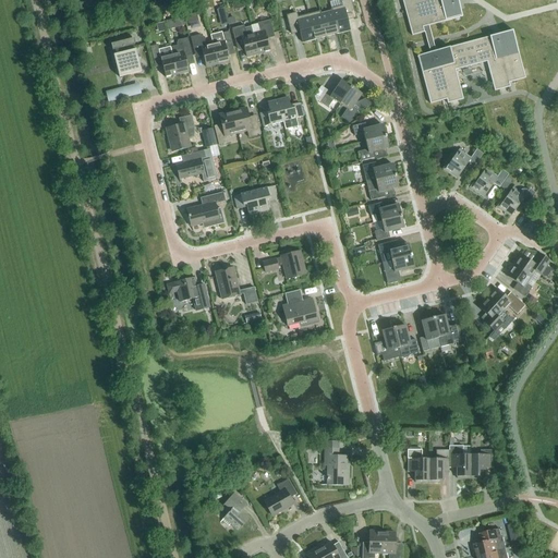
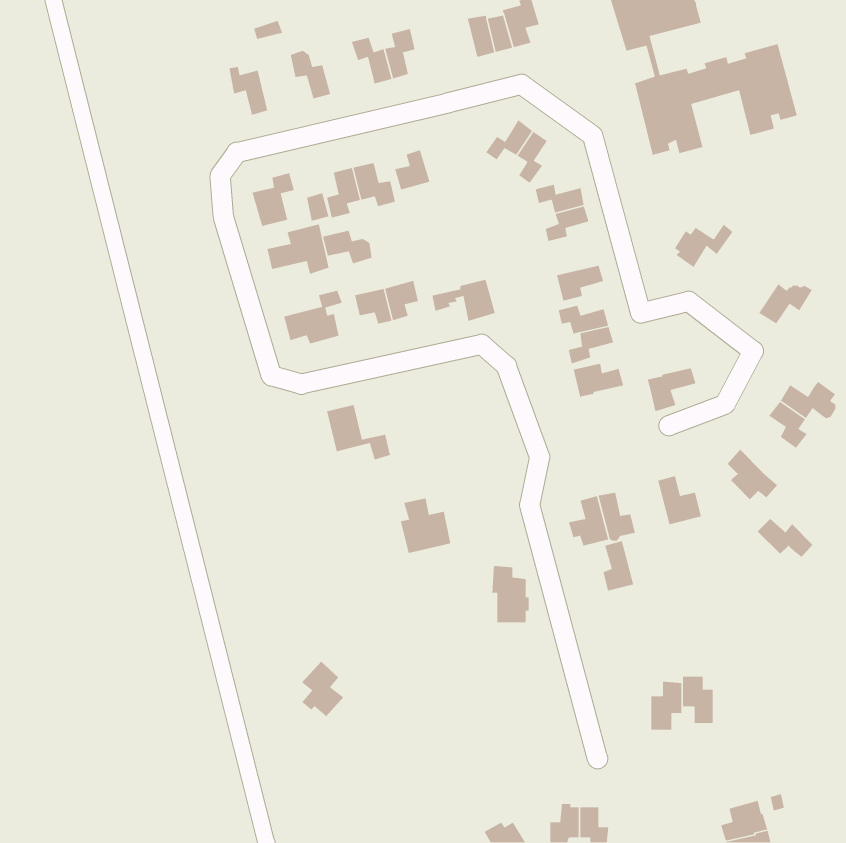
building: [287,11,314,40] -> none
building: [210,29,232,62] -> none
building: [170,36,192,73] -> none
building: [113,48,142,75] -> none
building: [277,96,303,128] -> none
building: none -> [322,230,373,264]
building: [362,160,395,181] -> none
building: [472,168,509,195] -> none
building: [263,250,305,278] -> [431,279,496,322]
building: [381,254,414,283] -> [647,367,696,412]
building: [166,276,210,310] -> none
building: [487,287,524,313] -> [757,518,813,558]
building: [282,289,316,326] -> [400,498,451,554]
building: [420,316,440,350] -> [603,540,634,592]
building: [324,446,349,484] -> [492,565,530,623]
building: [408,448,428,481] -> none
building: [470,448,492,476] -> none
building: [264,477,296,513] -> none
building: [221,492,250,529] -> [301,661,344,717]

